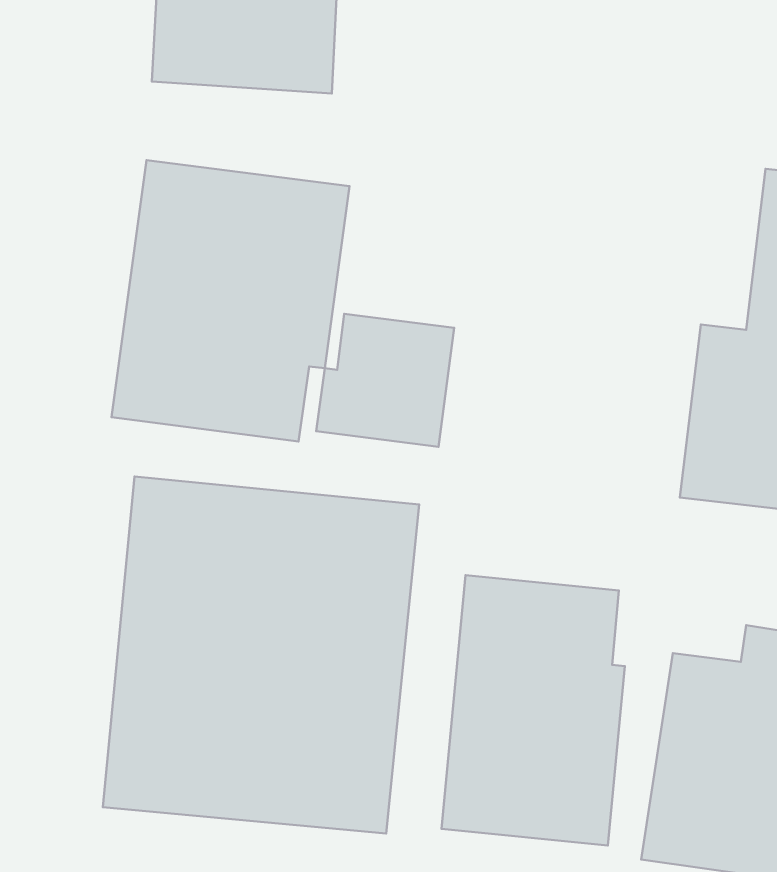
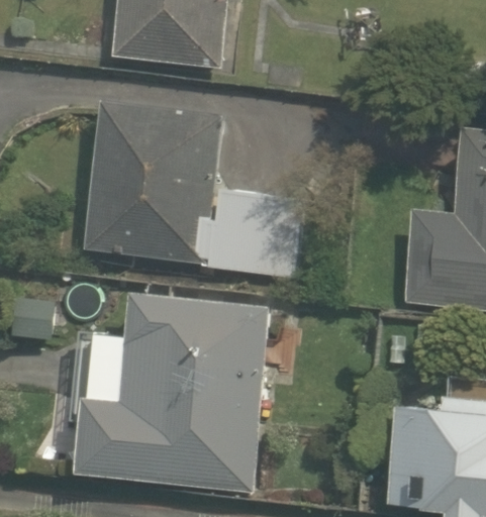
building: [442,575,625,846] -> none

